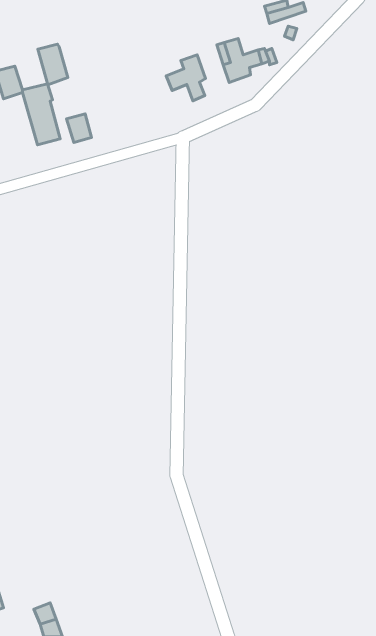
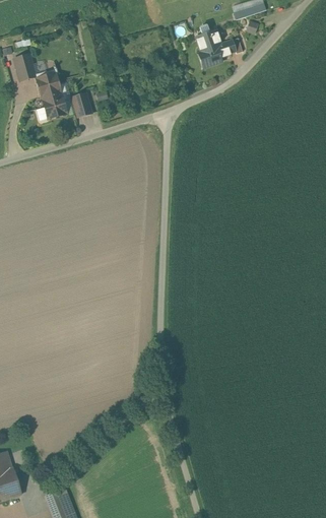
building: [38,44,68,85] -> none
building: [166,55,205,101] -> none

